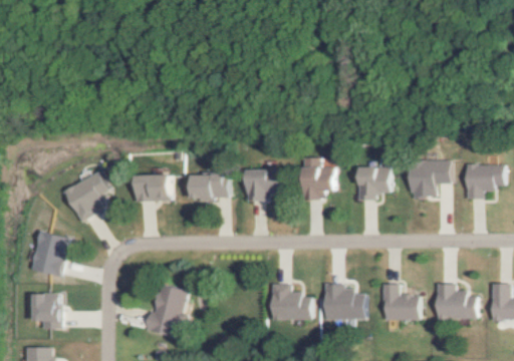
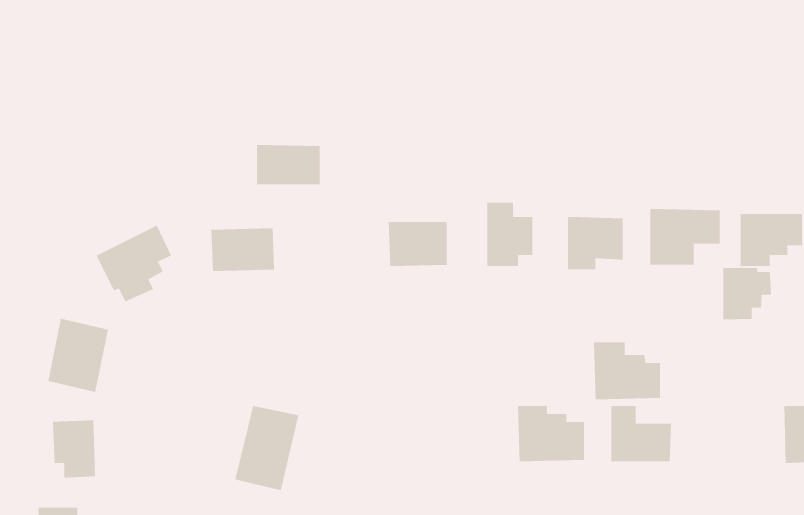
building: [189,173,229,199] -> [256,144,321,185]
building: none -> [723,267,771,320]
building: [435,283,477,319] -> [593,342,661,400]
building: [271,284,312,320] -> none

